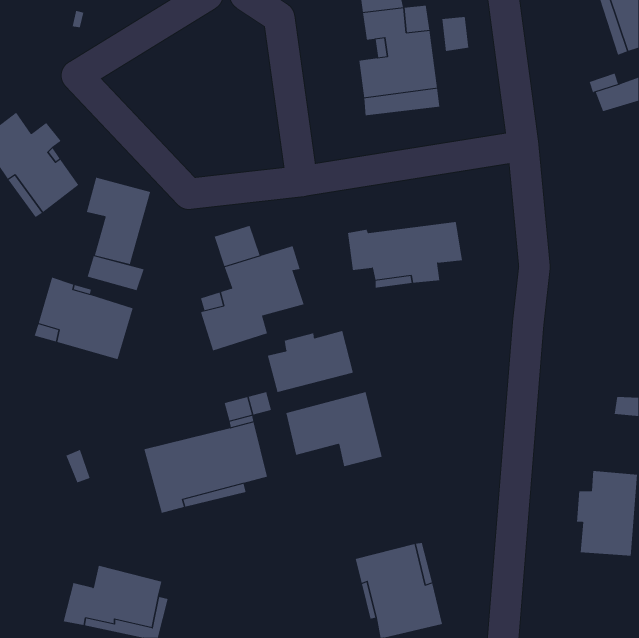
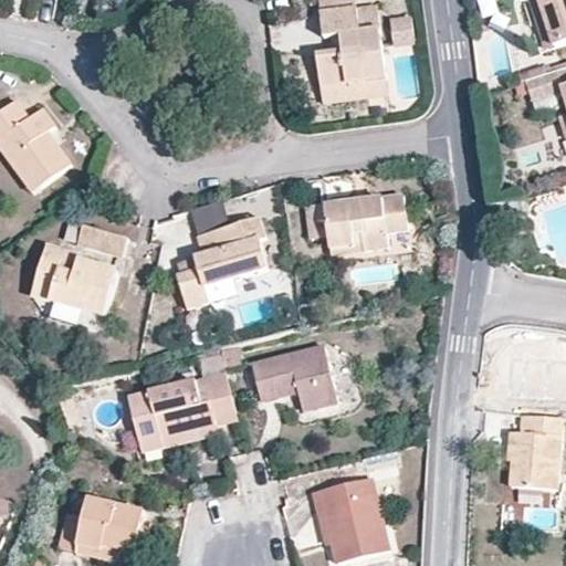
building: [86,177,151,265] -> none
building: [267,330,353,393] -> none

